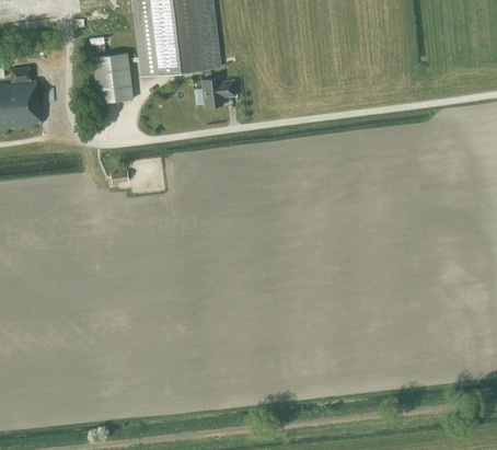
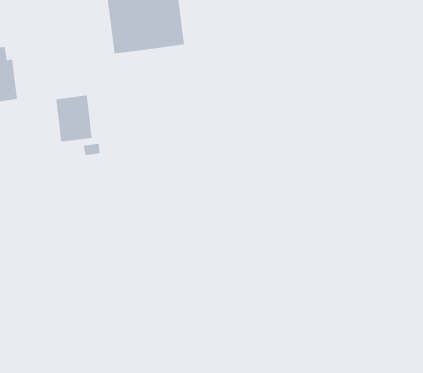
building: [95,53,135,103] -> [55,95,92,142]
building: [204,77,238,107] -> none

